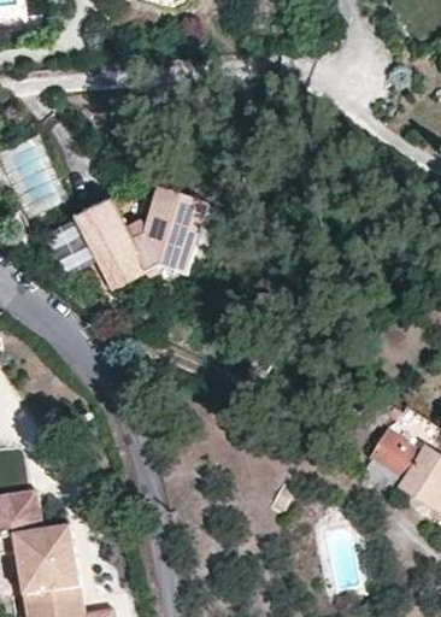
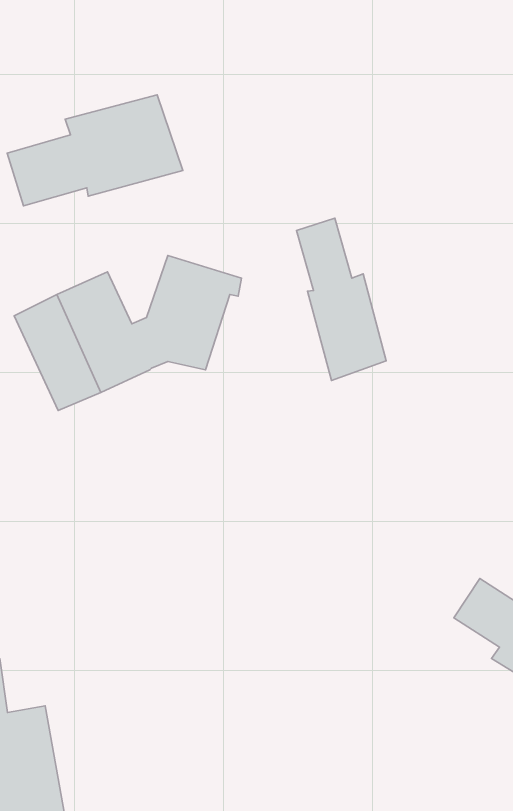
building: none -> [7,95,183,206]
building: none -> [297,218,386,381]

